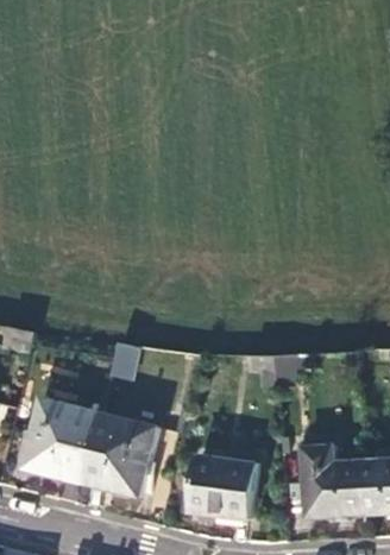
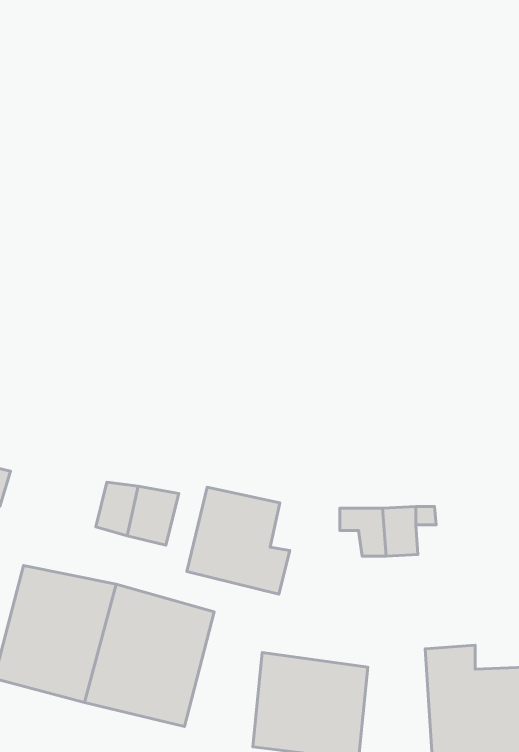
building: none -> [187,487,290,594]

